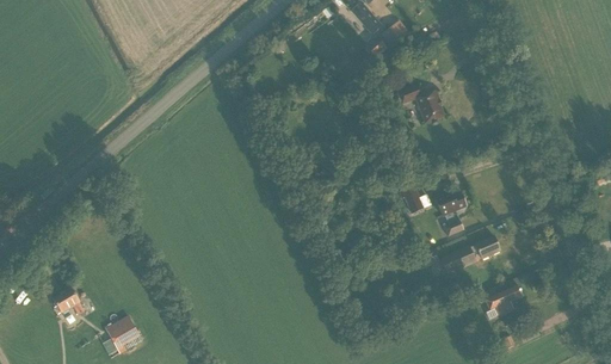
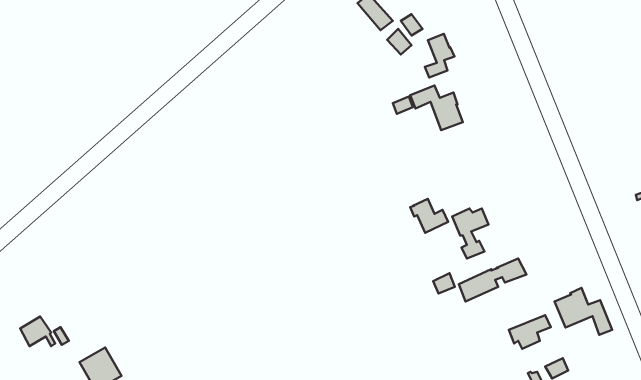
building: none -> [425,34,454,78]
building: none -> [554,288,612,335]

